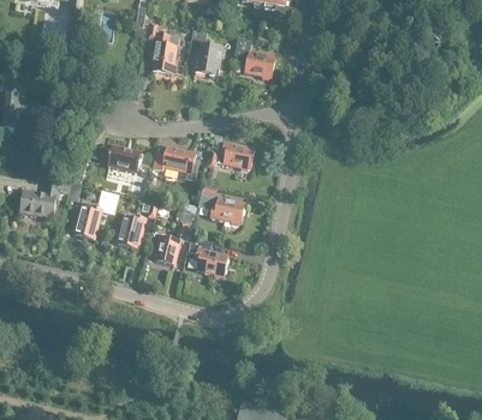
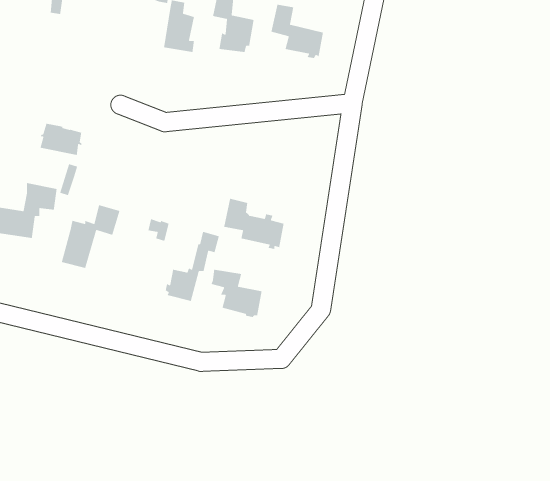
building: [207,143,254,170] -> none
building: [107,146,139,172] -> [40,123,82,156]
building: [151,150,200,173] -> none
building: [115,216,143,247] -> none

